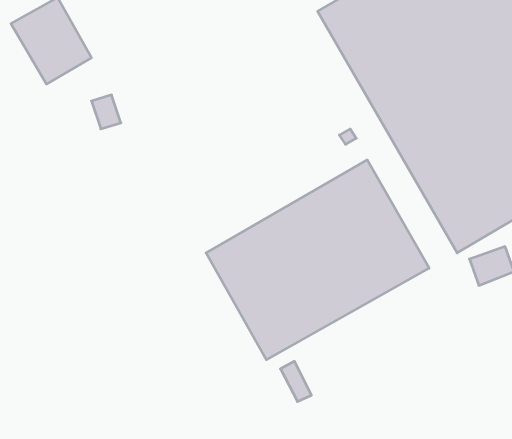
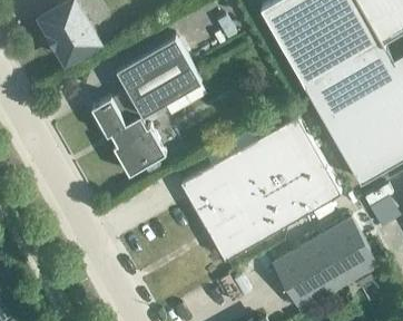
building: none -> [91,38,202,176]
building: none -> [273,220,376,311]

